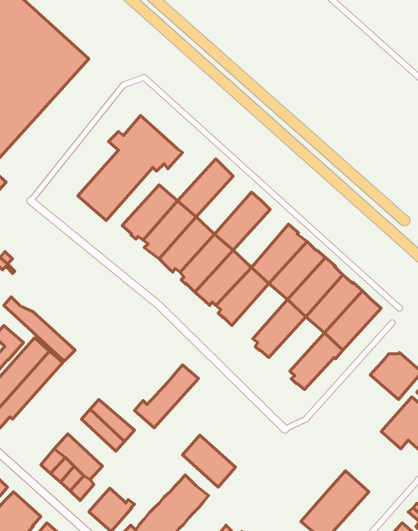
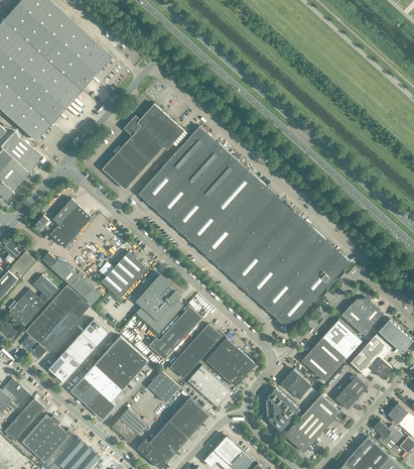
building: none -> [168,126,215,173]
building: none -> [198,153,244,201]
building: none -> [229,181,274,228]
building: none -> [49,199,92,248]
building: none -> [228,241,273,286]
building: none -> [97,251,147,299]
building: none -> [258,268,303,313]
building: none -> [136,276,182,333]
building: none -> [48,319,108,382]
building: none -> [301,320,362,382]
building: none -> [169,324,222,378]
building: none -> [205,338,255,386]
building: none -> [94,352,133,390]
building: none -> [280,369,311,399]
building: none -> [147,371,179,402]
building: none -> [334,376,367,409]
building: none -> [267,388,299,431]

